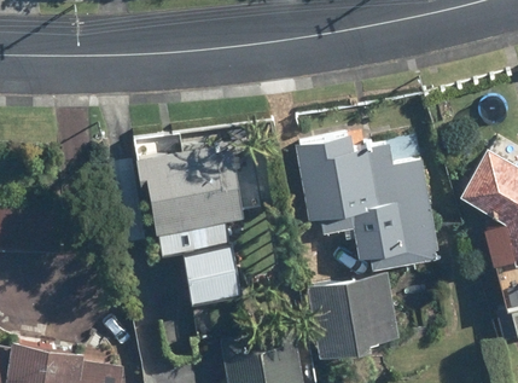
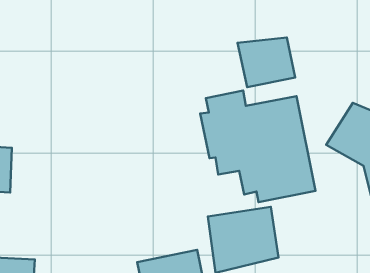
building: none -> [238,38,295,87]
building: [130,149,243,297] -> none

